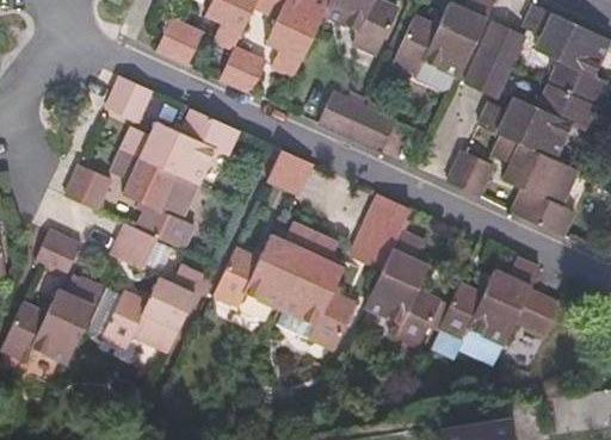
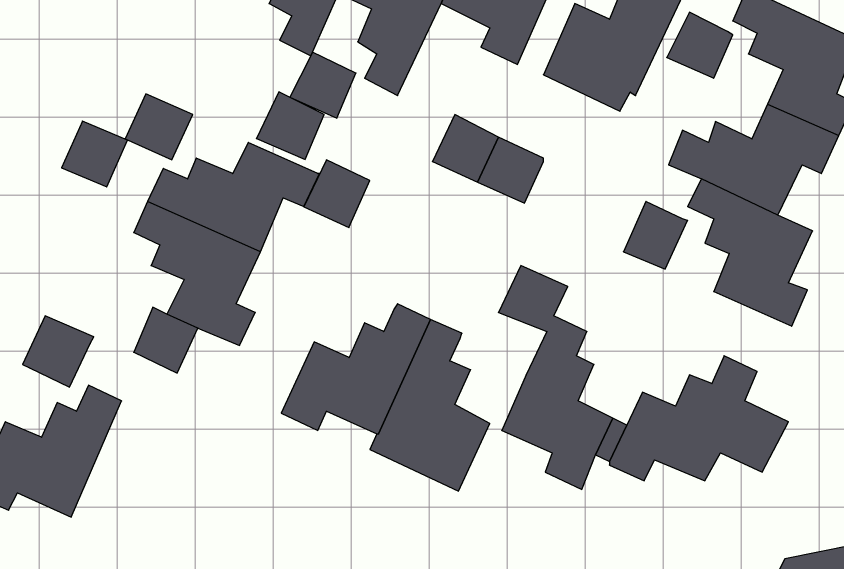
building: [156,18,203,64] -> [256,92,324,159]
building: [465,51,511,95] -> none
building: [267,149,313,196] -> [304,160,370,228]
building: [67,166,112,211] -> [62,121,128,187]
building: [350,227,396,269] -> none
building: [104,264,204,353] -> none

